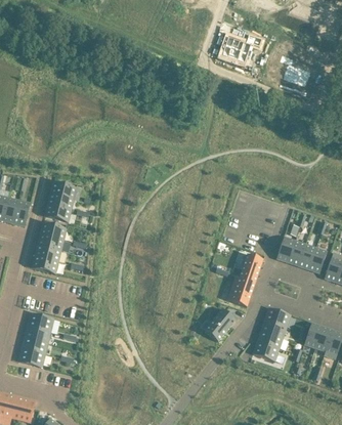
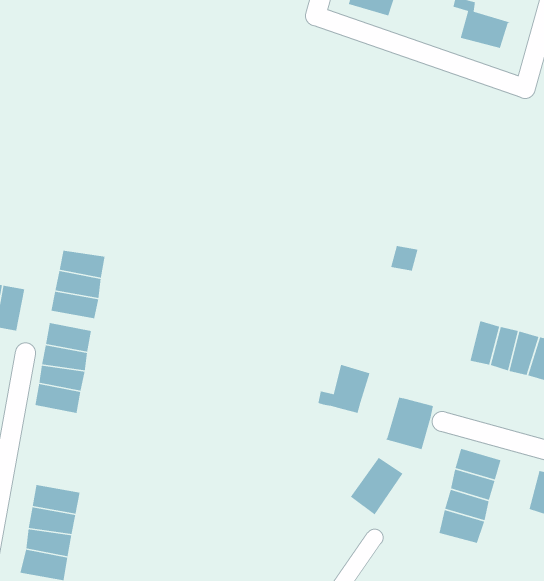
building: [232,253,263,282] -> [317,364,370,414]

